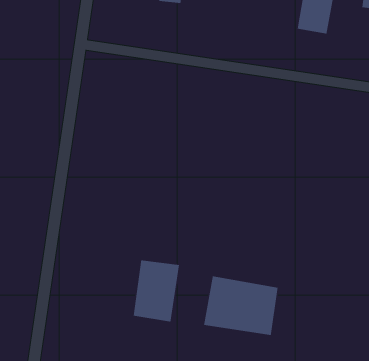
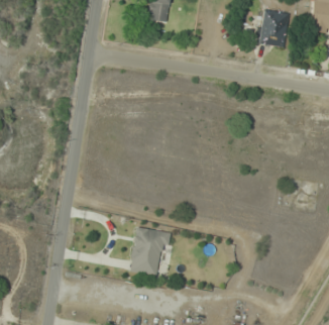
building: [203,275,278,336] -> none

